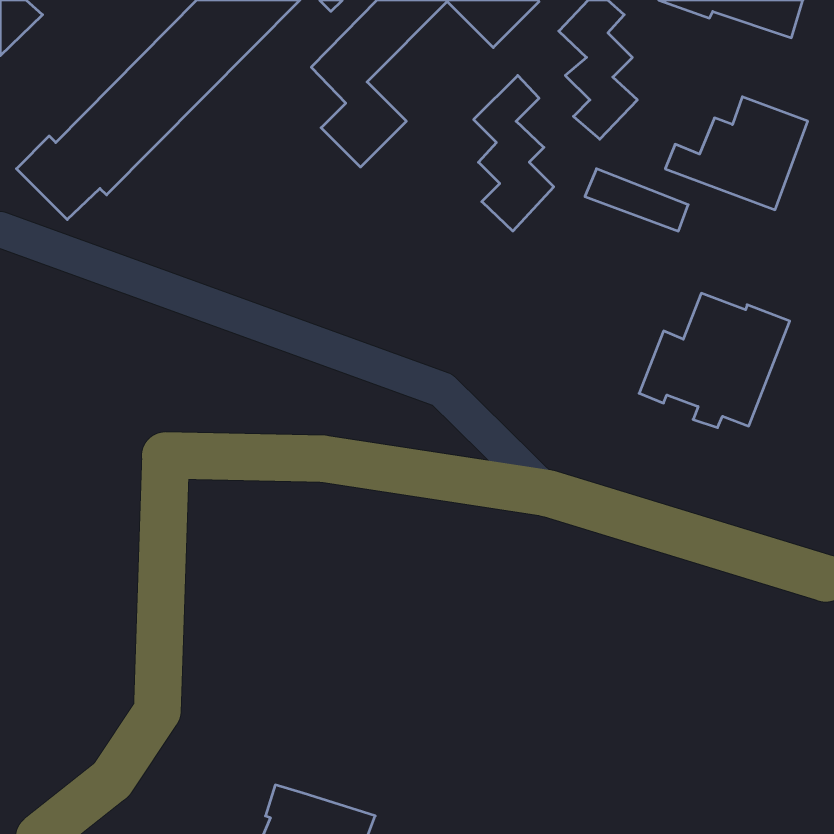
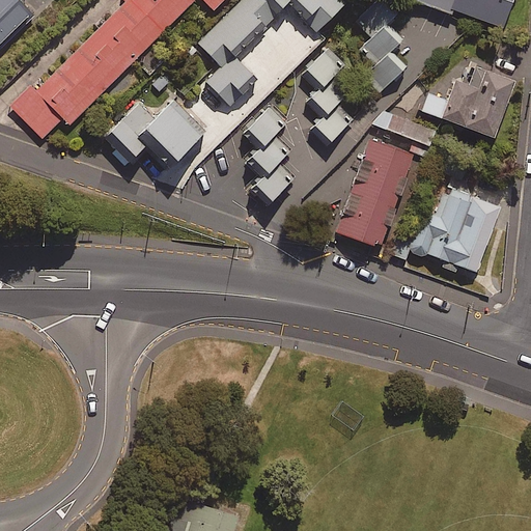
building: none -> [102,92,204,167]
building: none -> [248,106,292,199]
building: none -> [336,137,415,246]

